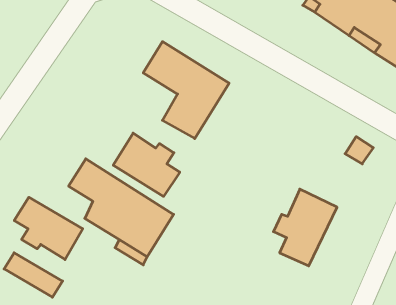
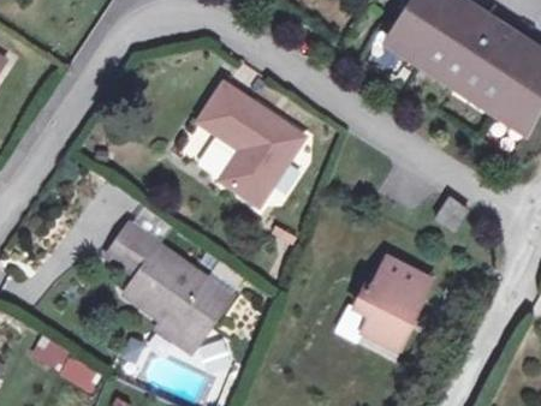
building: [113,133,180,196] -> none
building: [14,197,83,260] -> none

